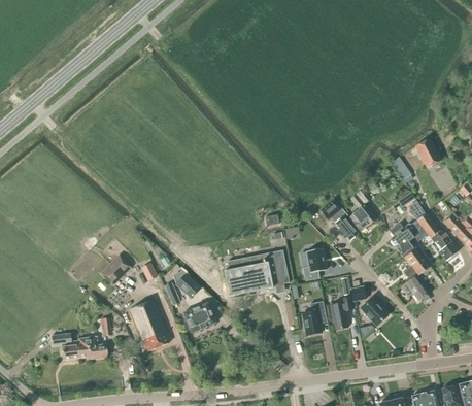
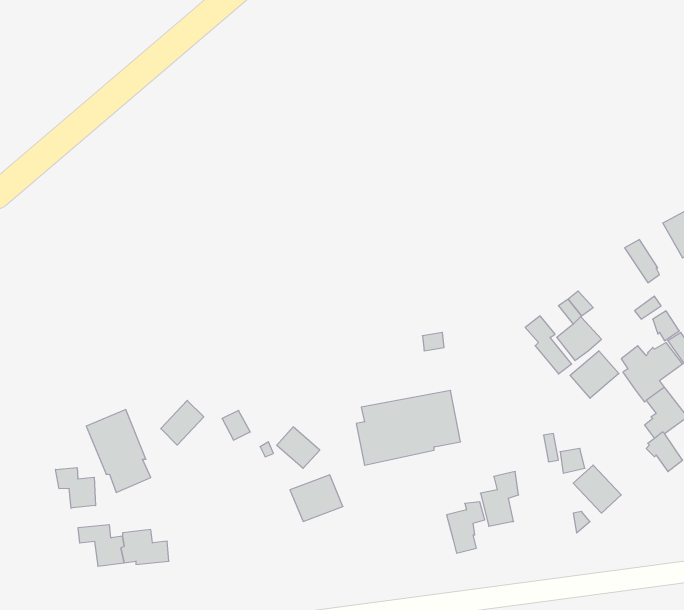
building: none -> [570,351,619,398]
building: [302,248,327,281] -> none
building: [329,298,352,330] -> [447,502,485,553]
building: none -> [56,468,96,508]
building: [129,300,169,351] -> [86,410,151,492]

